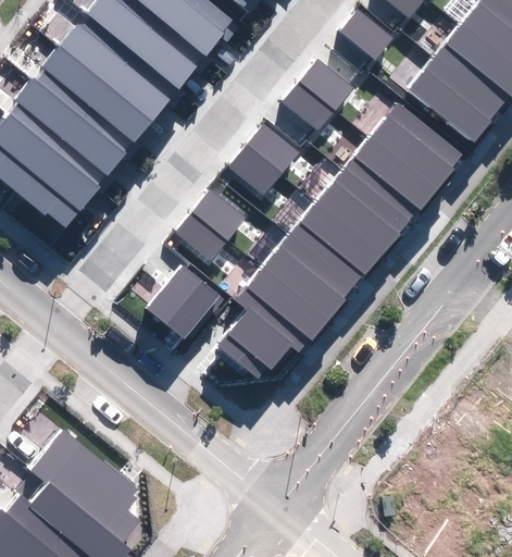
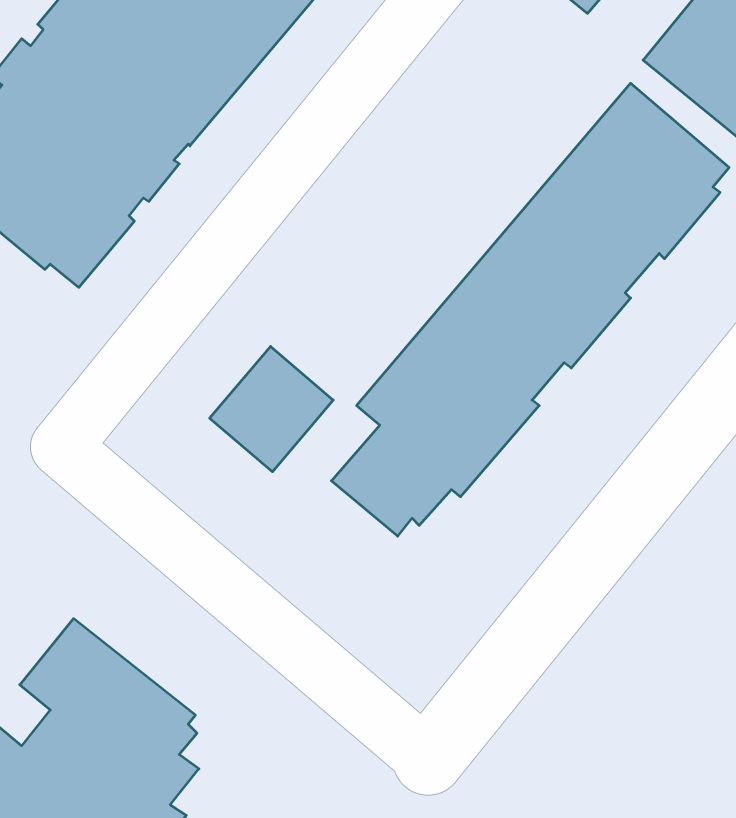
building: [282,58,352,131] -> none
building: [227,124,297,195] -> none
building: [175,191,246,262] -> none

